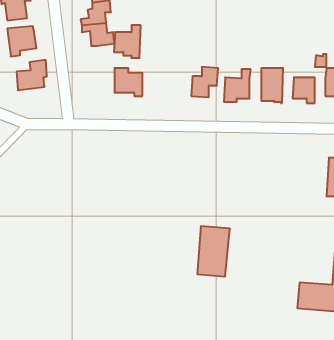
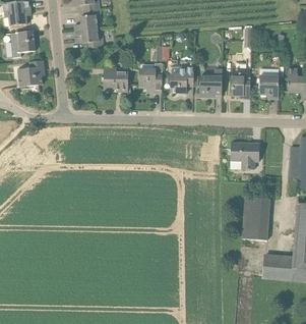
building: [114,25,141,58] -> [139,62,163,91]
building: none -> [231,142,259,168]
building: [197,226,230,276] -> [242,195,270,238]

